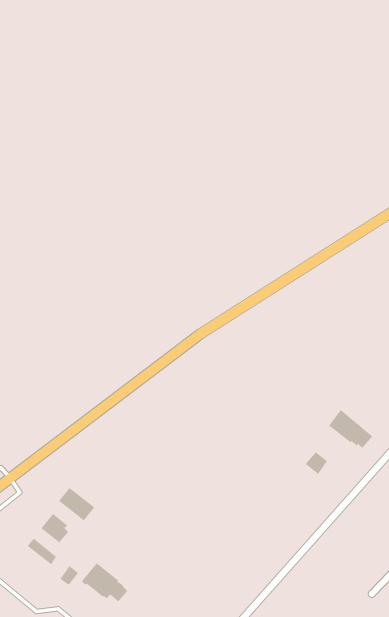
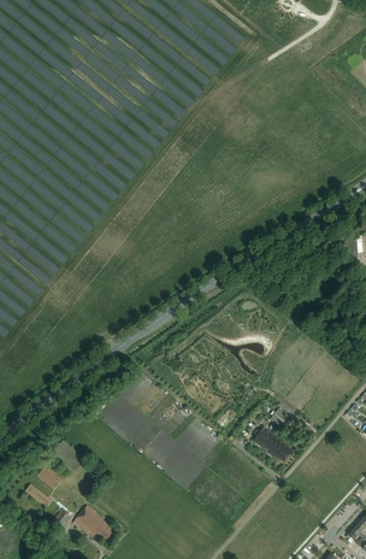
building: [328,409,373,449] -> [253,426,293,461]

